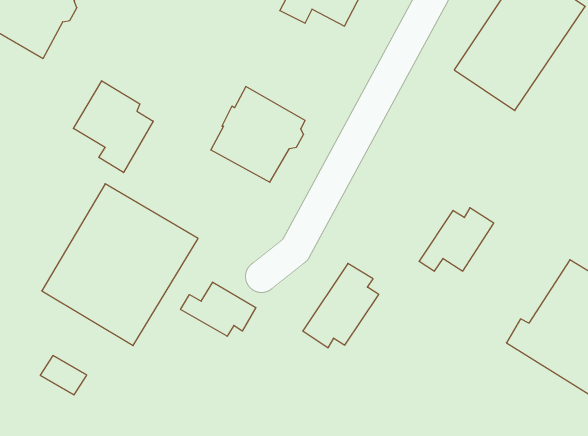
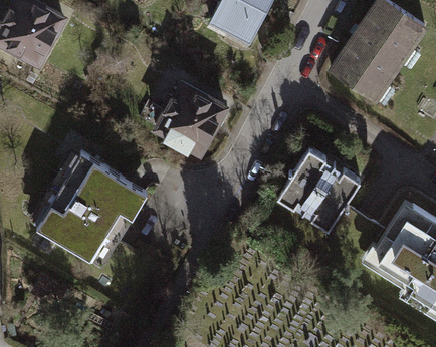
building: [73,81,153,173] -> none
building: [303,263,379,348] -> [275,149,330,210]
building: [181,282,256,336] -> none

